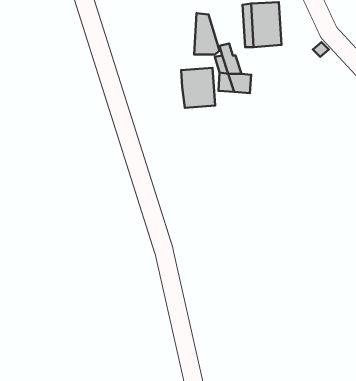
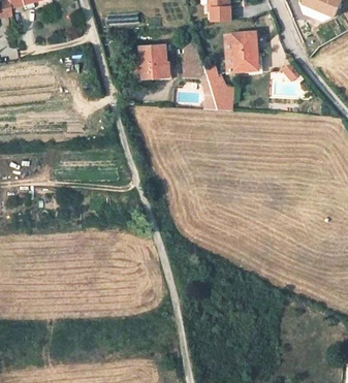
building: [181,68,215,108] -> [139,44,168,78]

